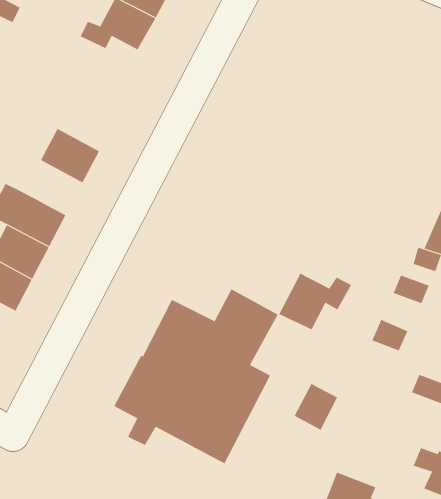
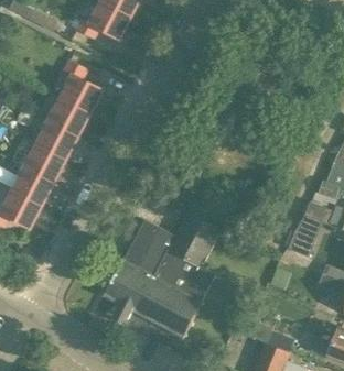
building: none -> [60,58,103,112]
building: none -> [35,119,78,159]
building: [278,273,352,330] -> none
building: [294,383,338,430] -> none

